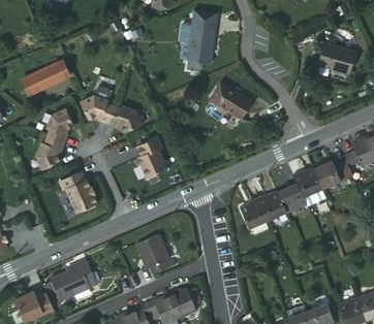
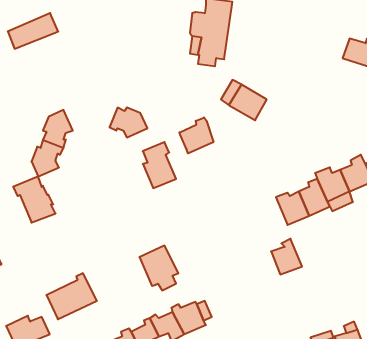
building: [24,62,69,94] -> [8,13,58,49]
building: [81,97,114,126] -> none
building: none -> [179,117,213,153]
building: [58,171,96,213] -> [13,177,56,223]
building: [239,189,267,221] -> [271,239,302,274]

